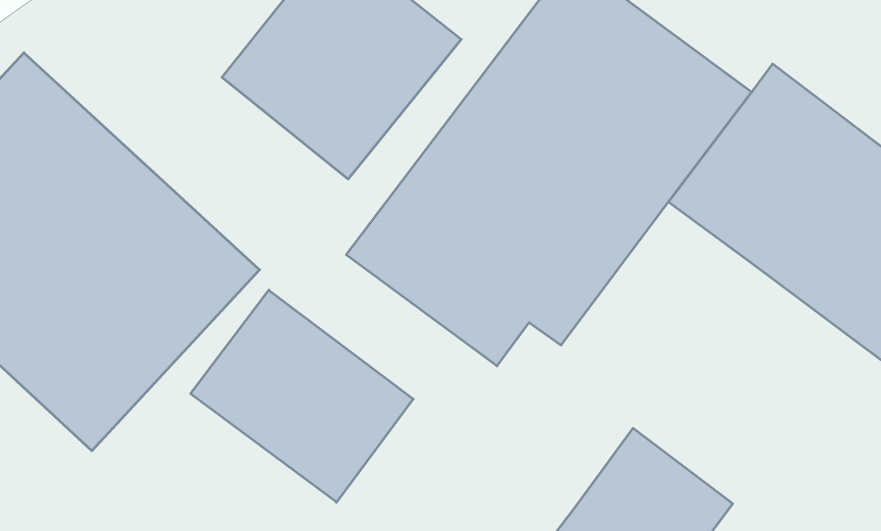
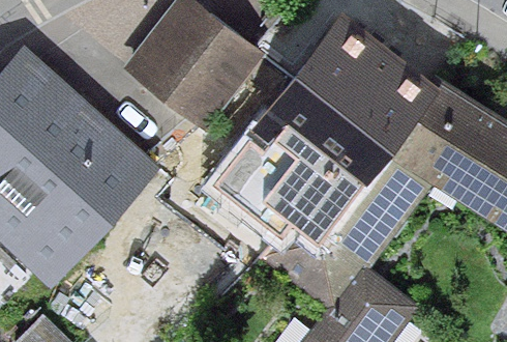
building: none -> [262,141,425,308]
building: [191,290,413,502] -> none

